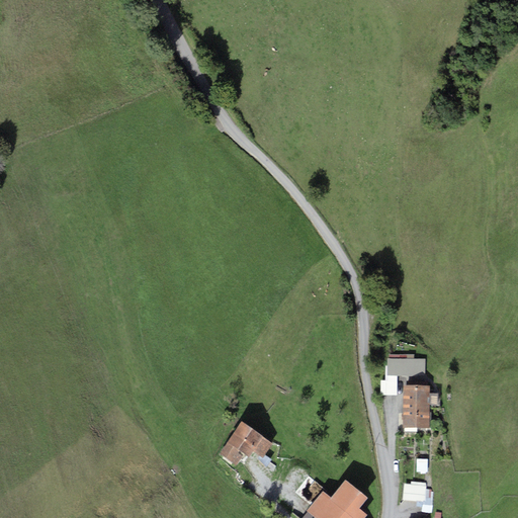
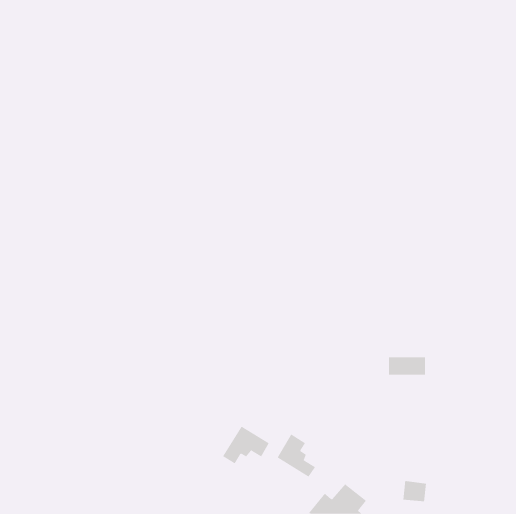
building: [402,383,429,428] -> none
building: none -> [277,434,316,478]

